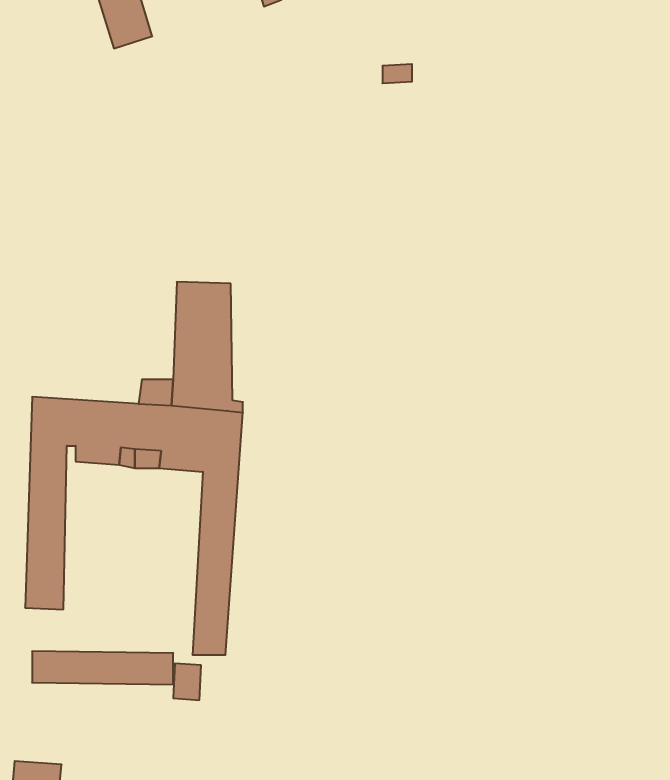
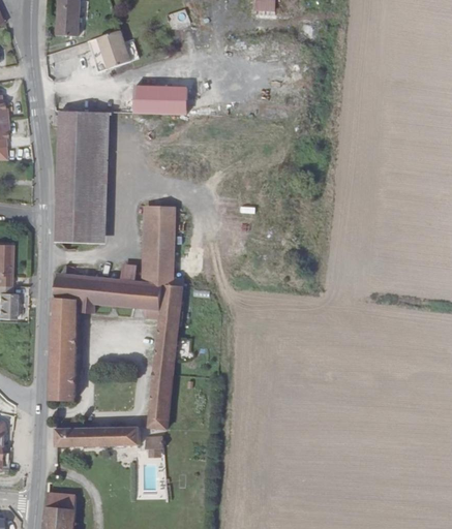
building: none -> [131,86,182,115]
building: none -> [52,110,107,243]

